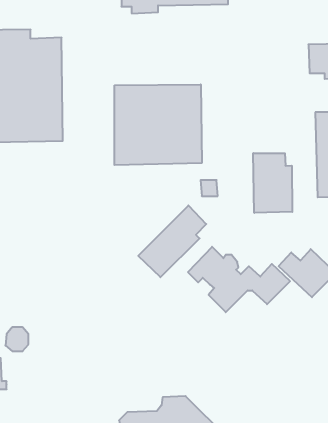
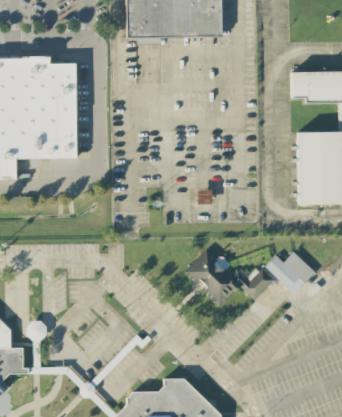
building: [114,84,202,165] -> none
building: [253,153,292,213] -> none
building: [138,205,206,277] -> none

